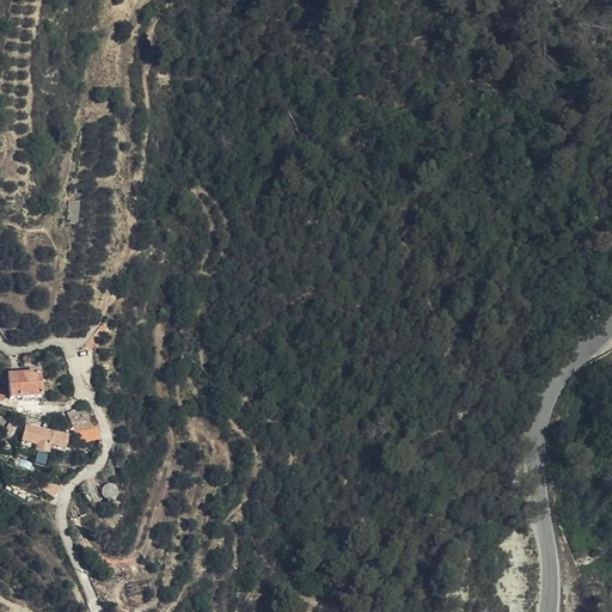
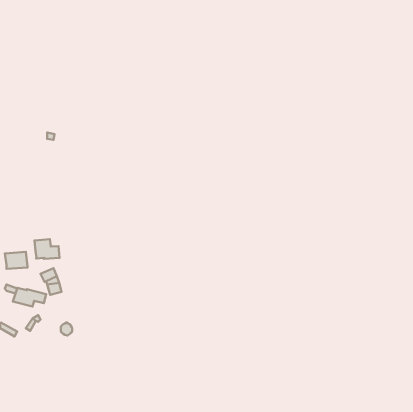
building: none -> [34,239,60,259]

